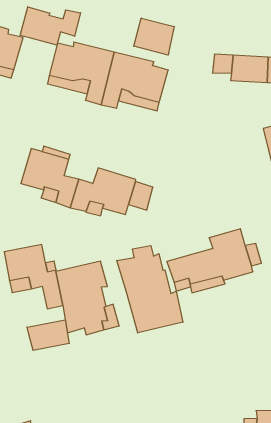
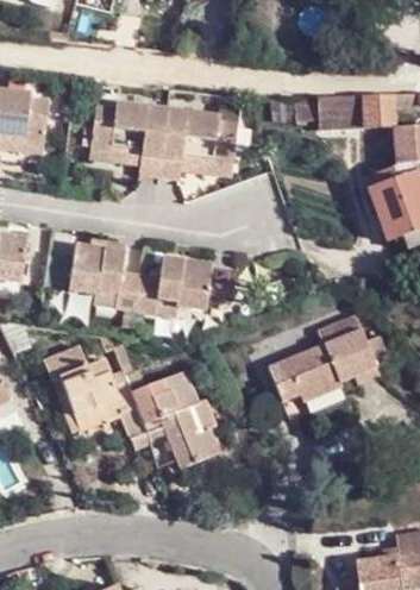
building: [20,7,81,45] -> none
building: [134,18,174,55] -> none
building: [117,246,183,333] -> none
building: [27,320,69,350] -> none

